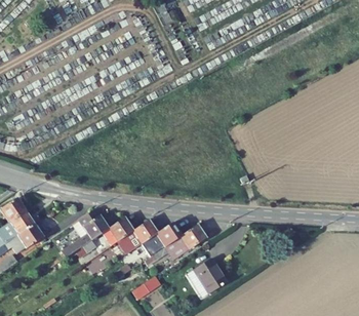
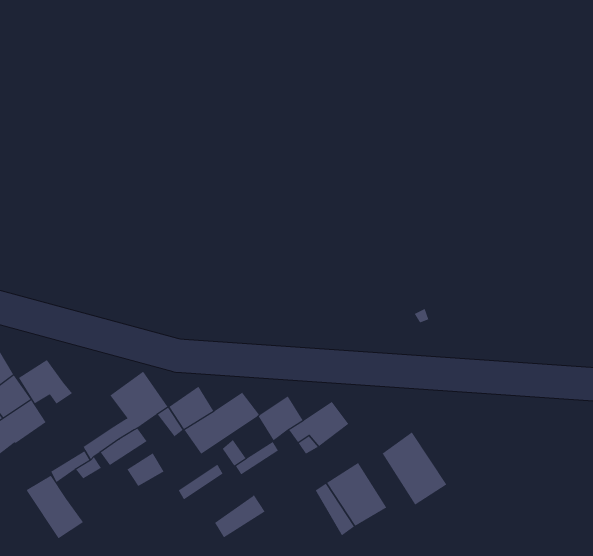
building: none -> [18,359,73,404]
building: none -> [382,431,447,505]
building: none -> [26,475,84,539]

